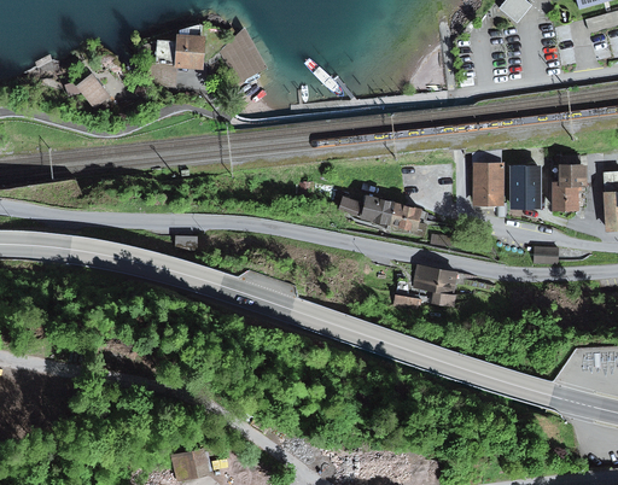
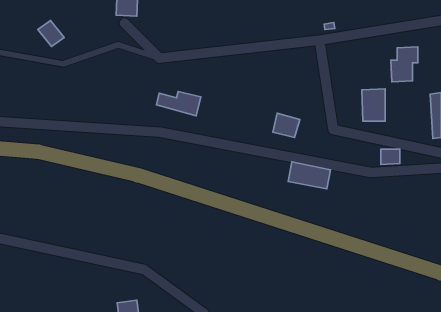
building: [472,163,503,206] -> none
building: [550,164,587,211] -> [391,47,418,82]
building: [337,191,396,223] -> [157,91,201,116]

